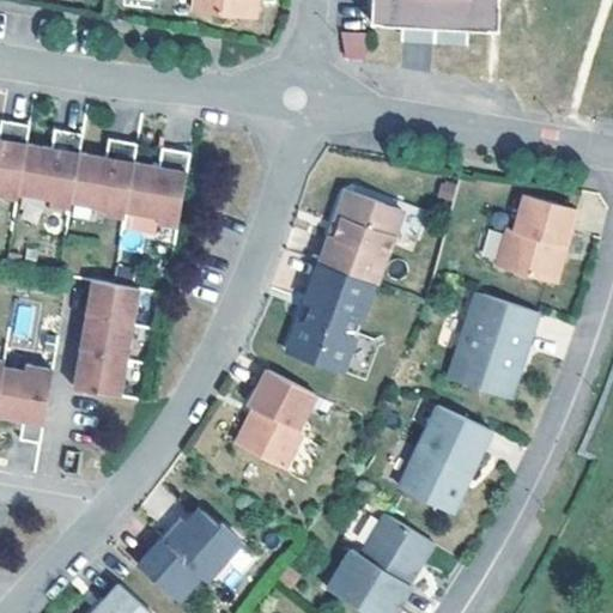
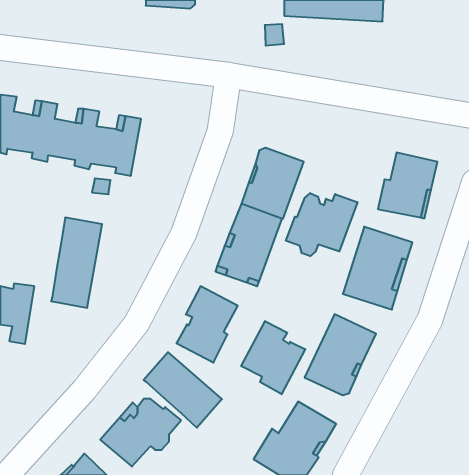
building: none -> [286,193,357,256]
building: none -> [241,321,305,394]
building: none -> [144,352,222,428]

